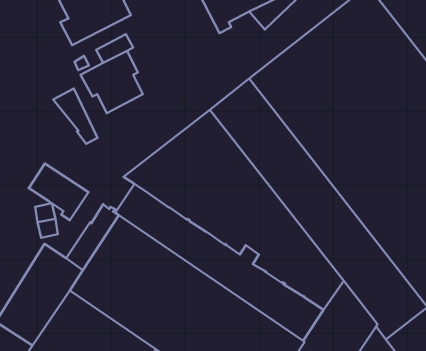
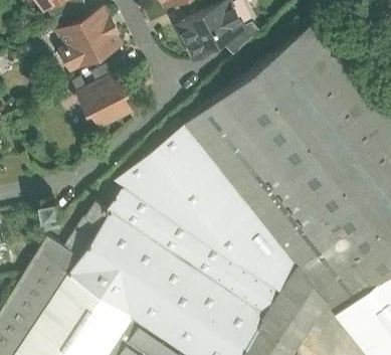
building: [53,89,97,144] -> none
building: [28,163,88,220] -> none

